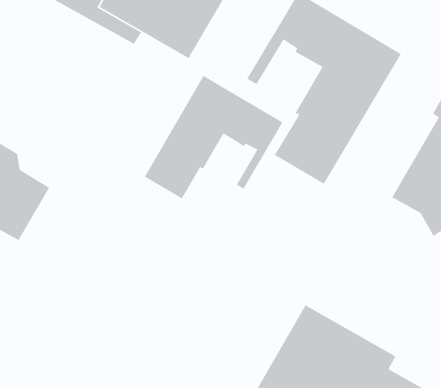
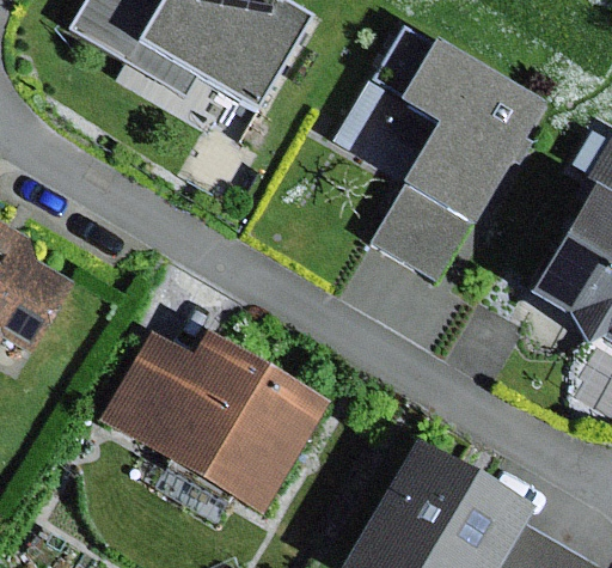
building: [144,75,283,200] -> none
building: none -> [99,330,329,517]

